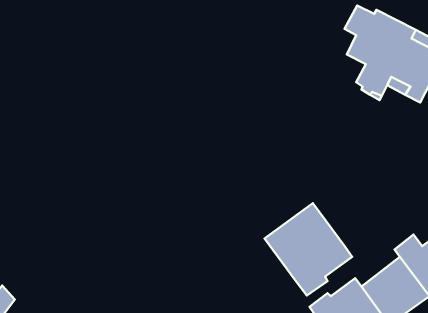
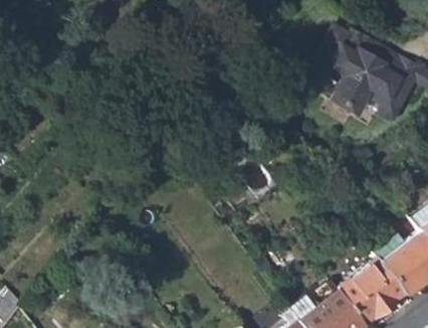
building: [265,203,352,296] -> none

